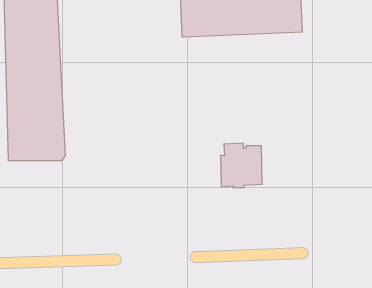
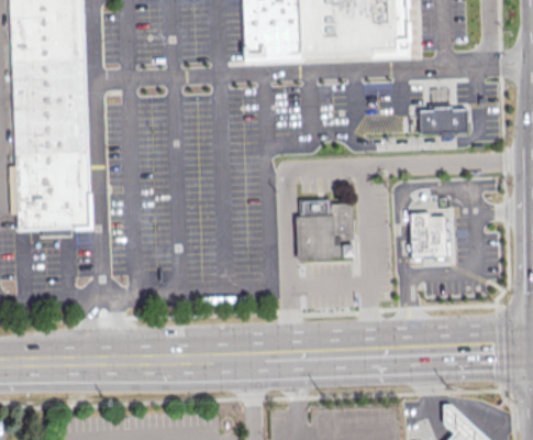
building: none -> [421,107,467,132]
building: none -> [414,212,452,263]

